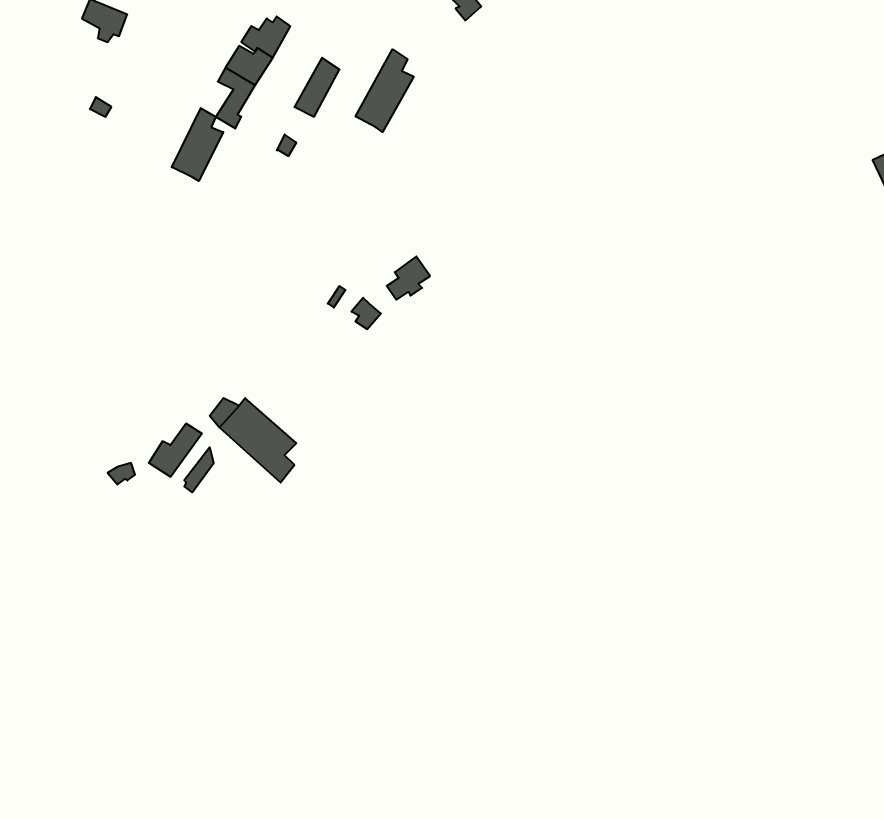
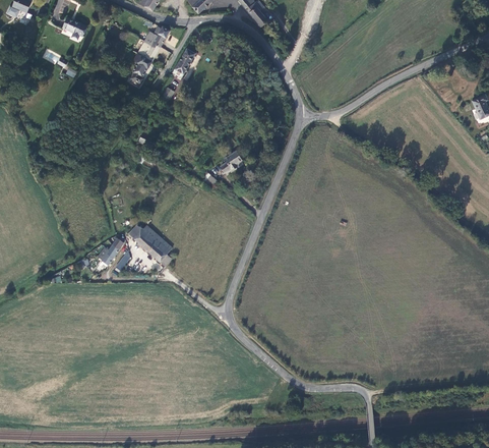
building: [356,49,414,132] -> none
building: [172,108,223,181] -> none

